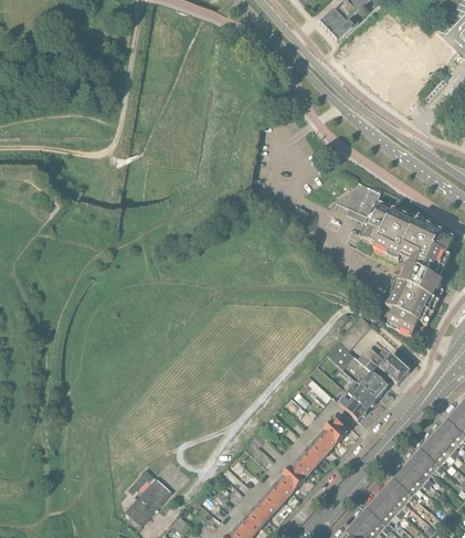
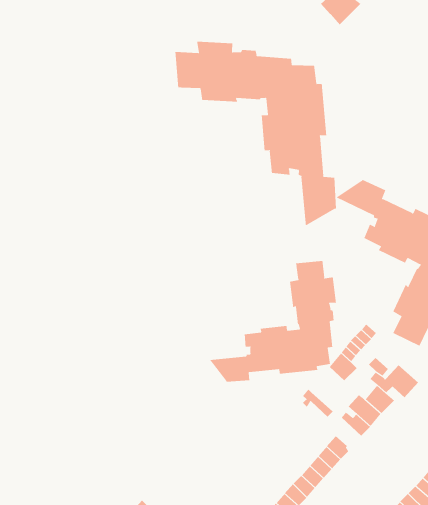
building: none -> [175,41,337,226]
building: none -> [209,260,336,383]

